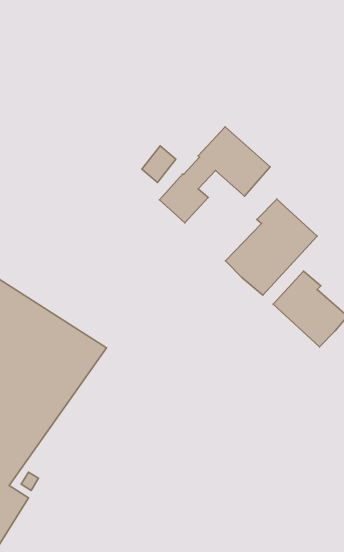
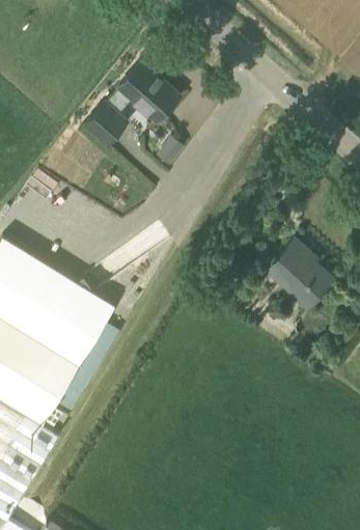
building: [159,127,270,223] -> [84,66,178,148]
building: [226,199,317,295] -> none

